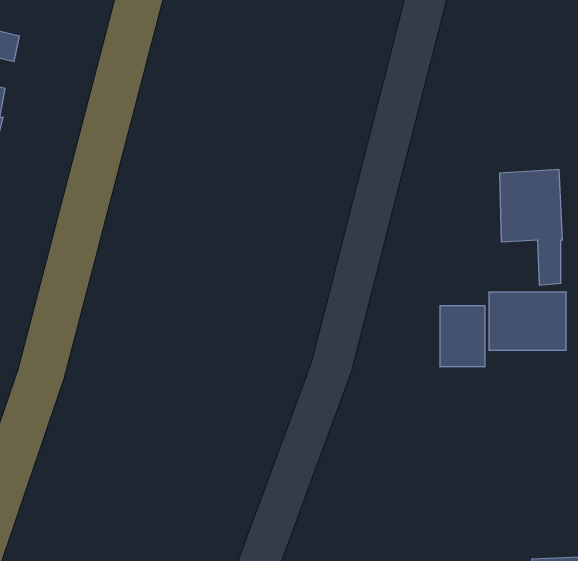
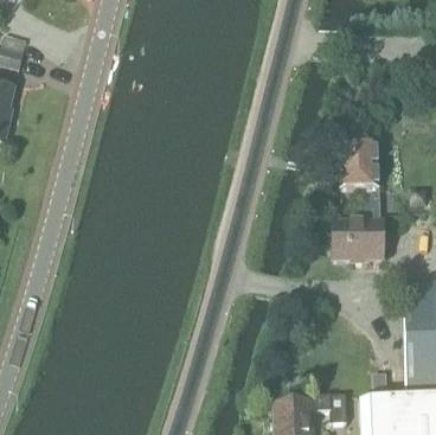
building: [440,306,485,367] -> none

